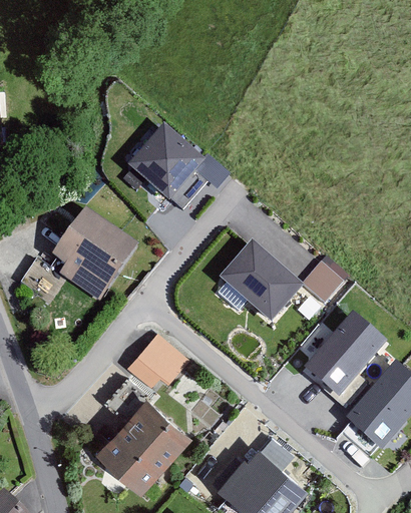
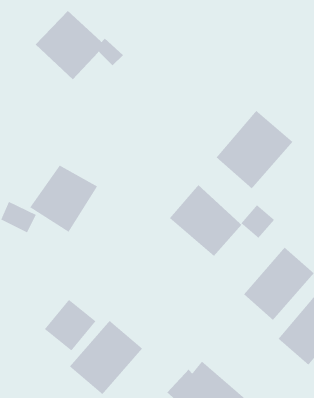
building: [125,123,229,204] -> [35,10,124,80]
building: none -> [215,110,294,189]
building: [126,332,187,393] -> [44,299,97,352]

